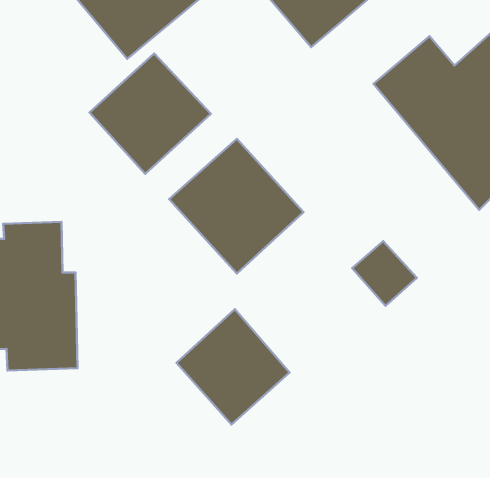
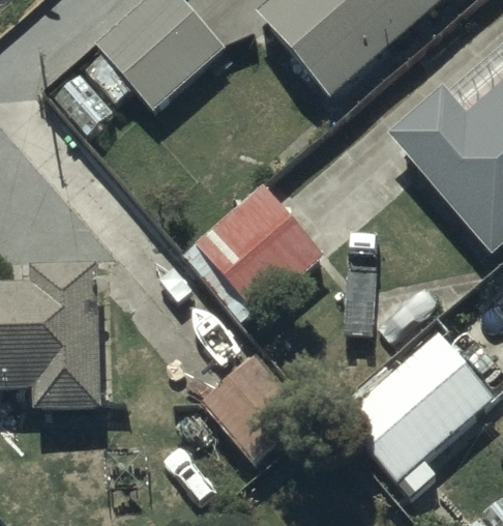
building: [90,53,211,174] -> none
building: none -> [330,332,491,495]

